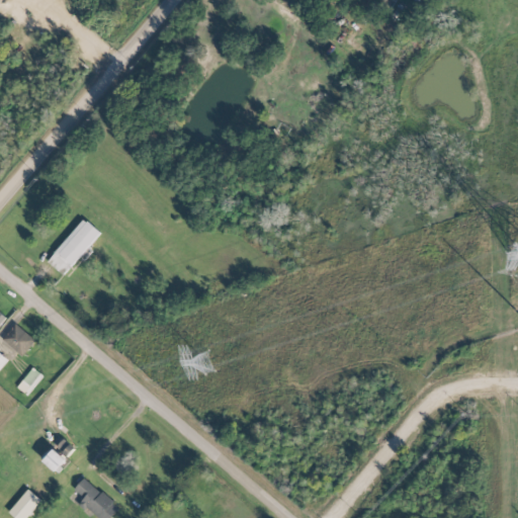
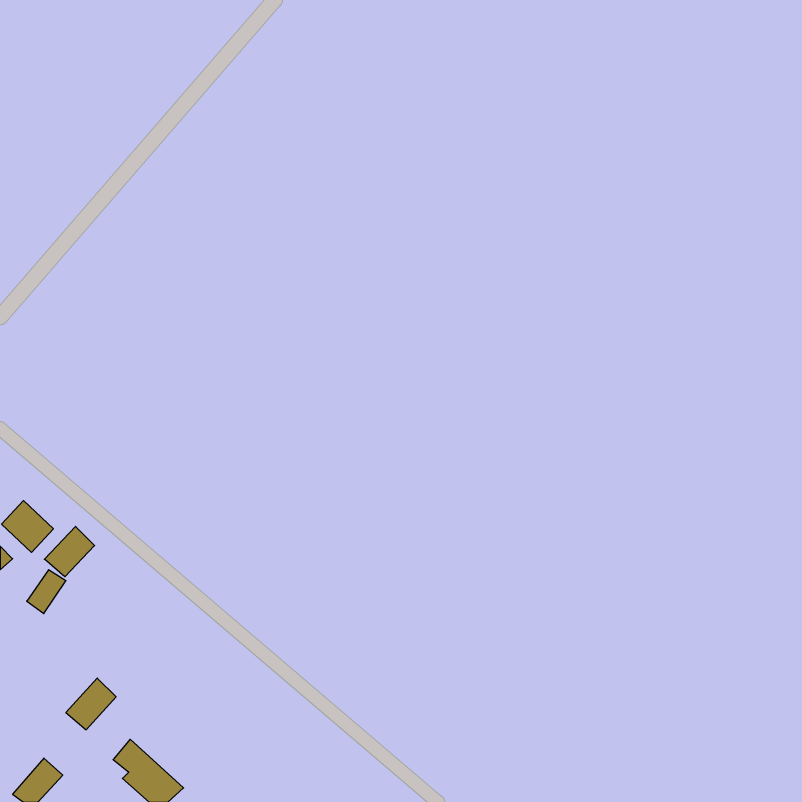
building: [47,219,100,274] -> none
building: none -> [44,526,95,577]

